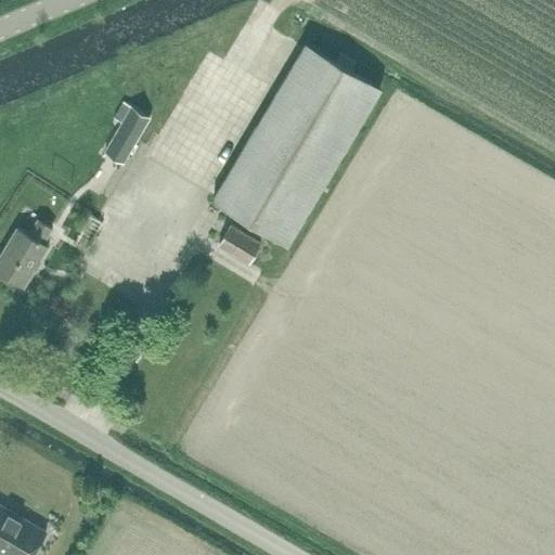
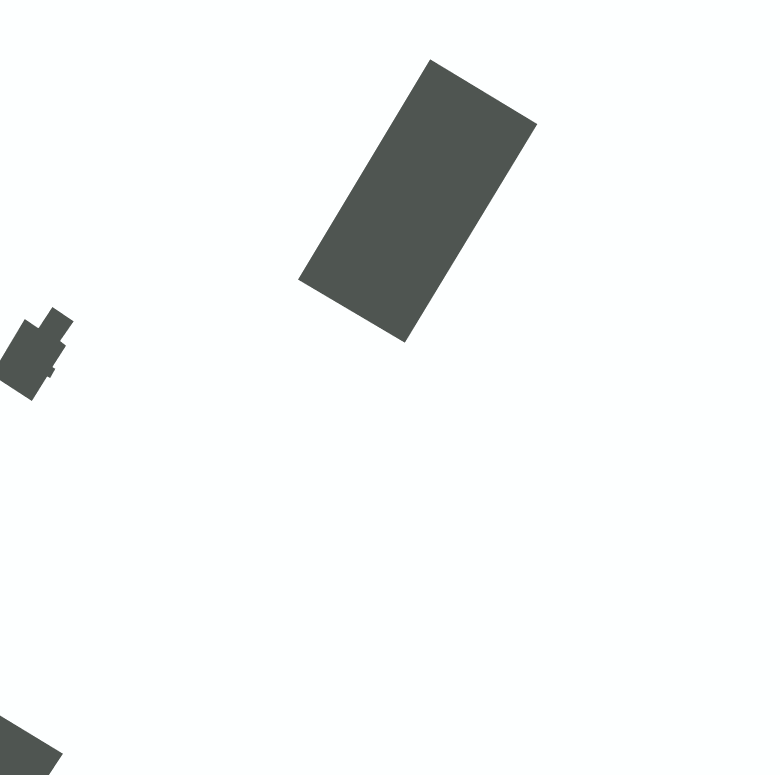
building: [103,105,151,167] -> none
building: [217,228,261,268] -> none

